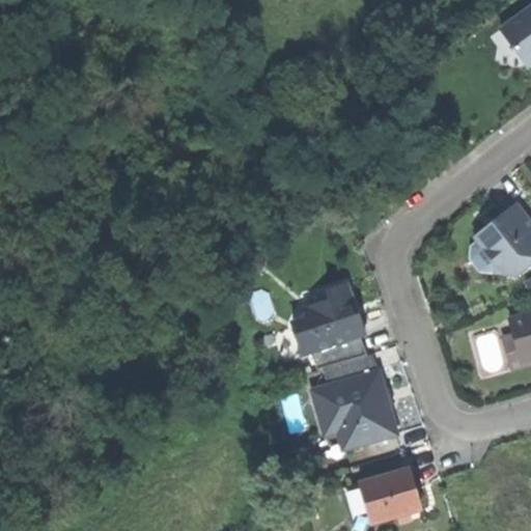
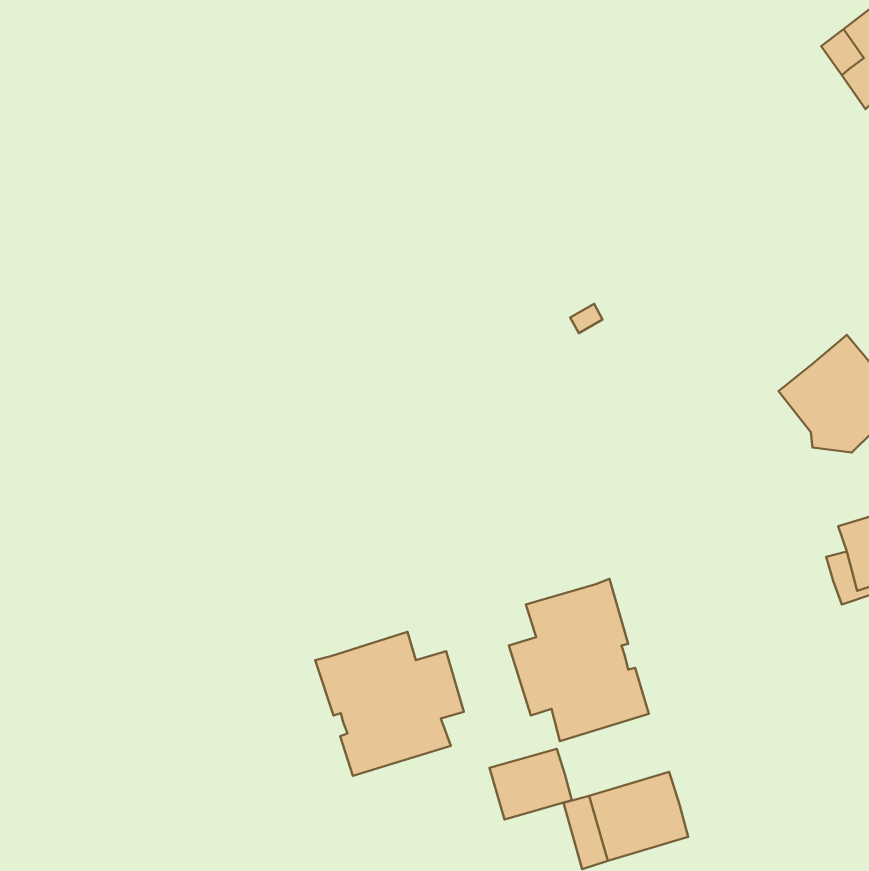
building: [294,283,364,368] -> none
building: none -> [315,632,464,776]
building: none -> [489,749,572,819]

